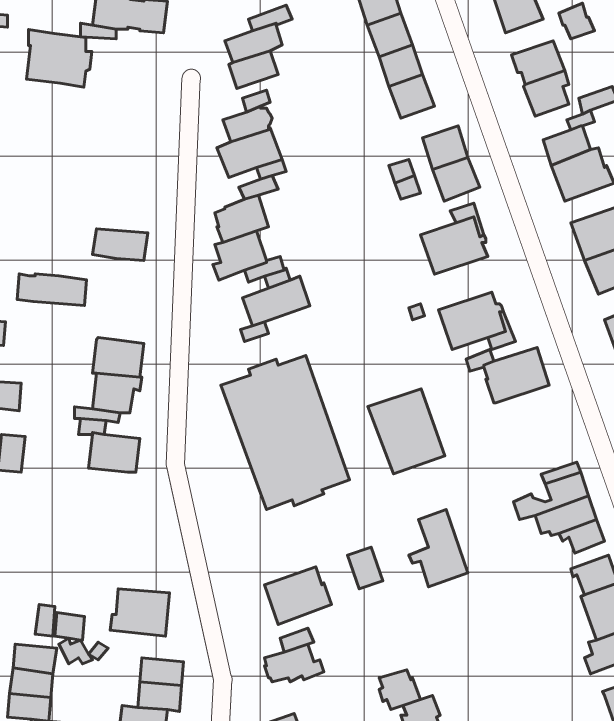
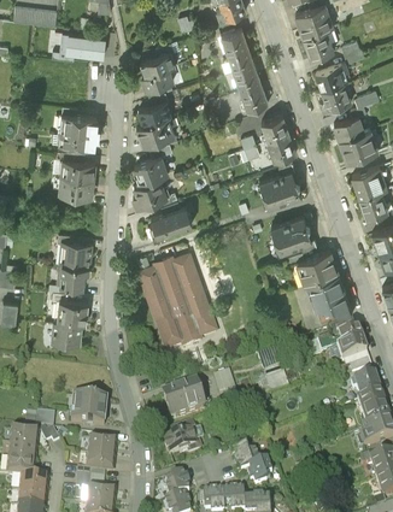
building: [26,30,92,87] -> [59,113,99,148]
building: [17,274,86,305] -> [52,159,94,178]
building: [368,389,445,474] -> [305,271,352,323]
building: none -> [52,320,81,345]

